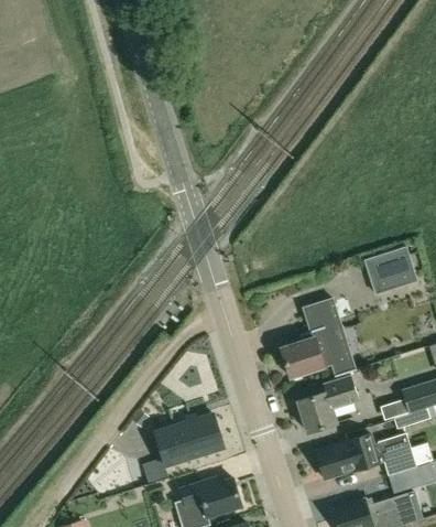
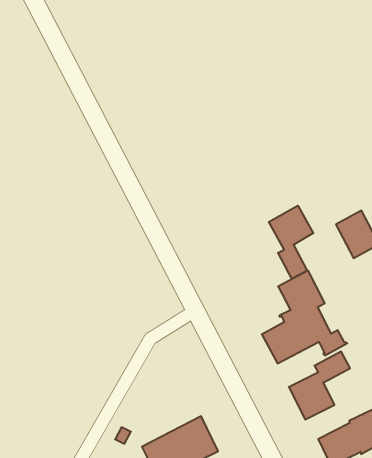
building: none -> [269,206,313,279]

